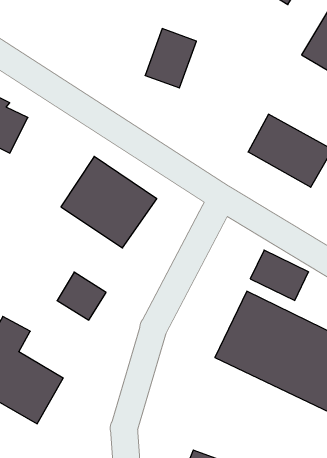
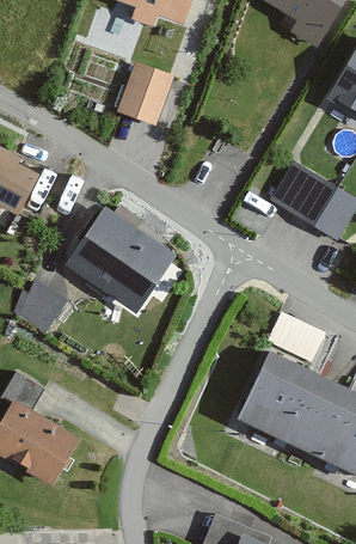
building: [145,29,196,88] -> [117,63,171,126]
building: [57,272,106,320] -> [22,274,73,324]

